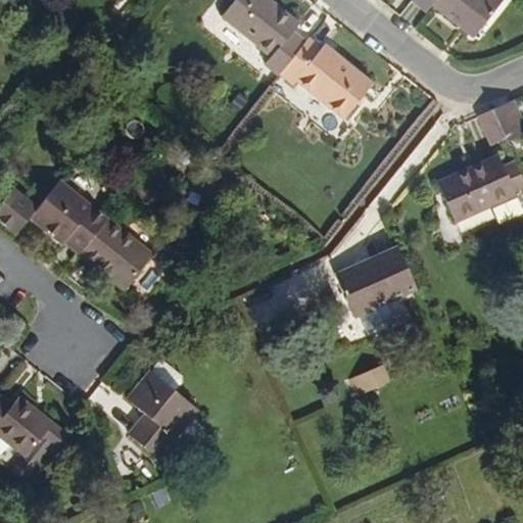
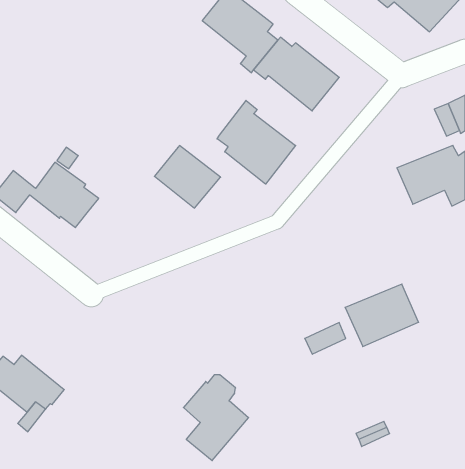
building: none -> [217,100,296,184]
building: [83,216,155,284] -> [154,146,221,208]
building: [336,248,417,317] -> [345,284,419,347]
building: [127,359,198,453] -> [183,375,249,461]

